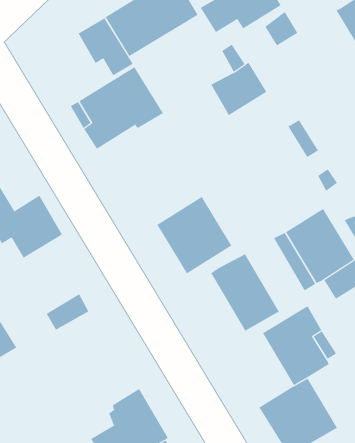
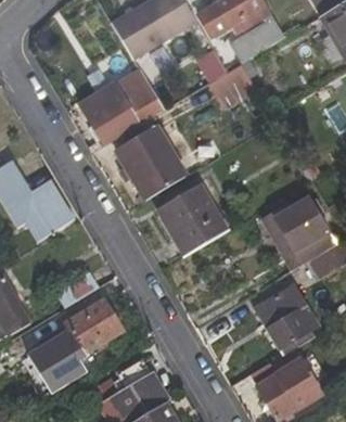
building: [78,17,133,76] -> none
building: none -> [115,128,182,201]
building: [211,253,280,331] -> none
building: none -> [30,298,121,392]

